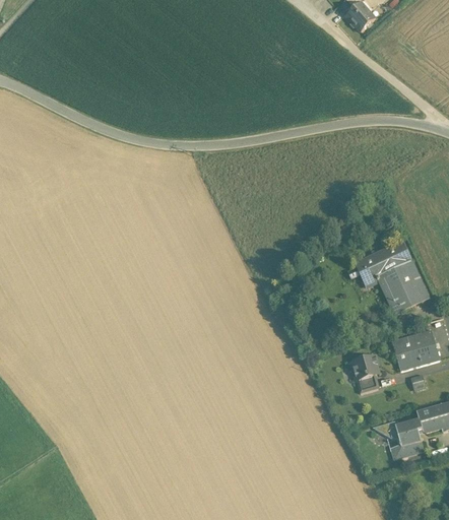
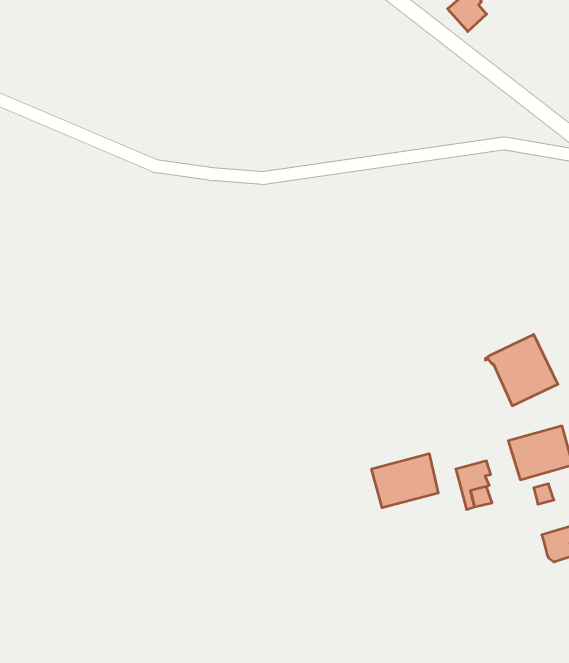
building: [355,241,410,282] -> none
building: none -> [372,454,438,508]
building: [374,418,423,457] -> none

